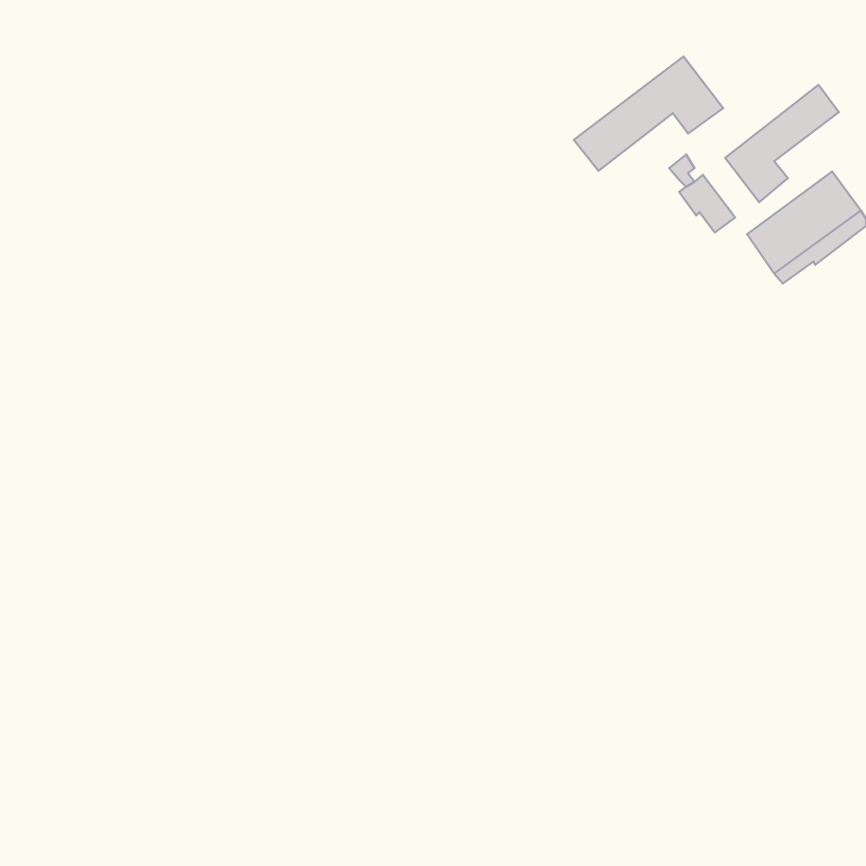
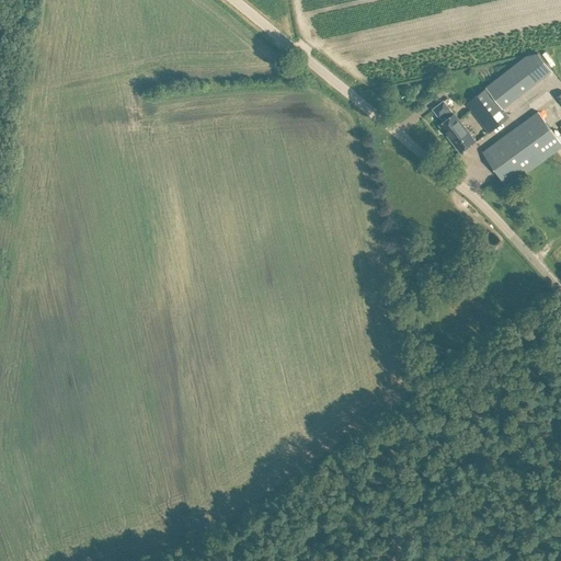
building: [574,57,723,171] -> none

